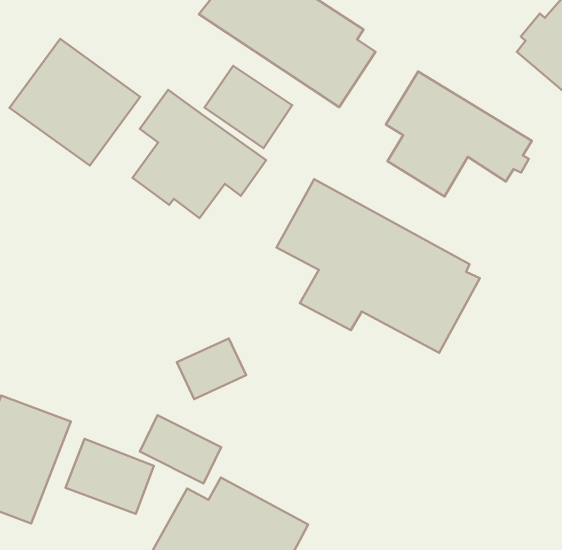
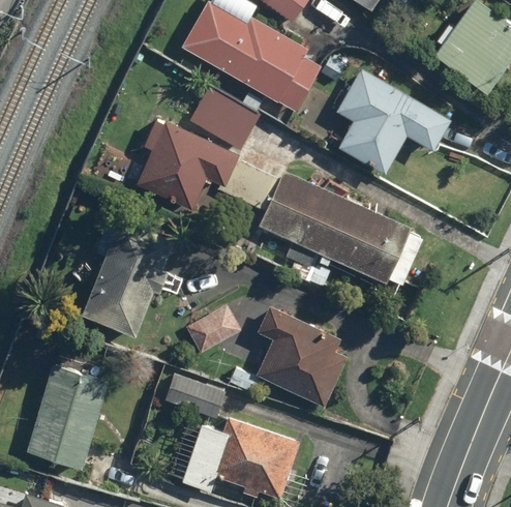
building: [10,39,140,166] -> none
building: none -> [80,221,173,336]
building: none -> [229,305,348,407]
building: [65,439,154,514] -> none

